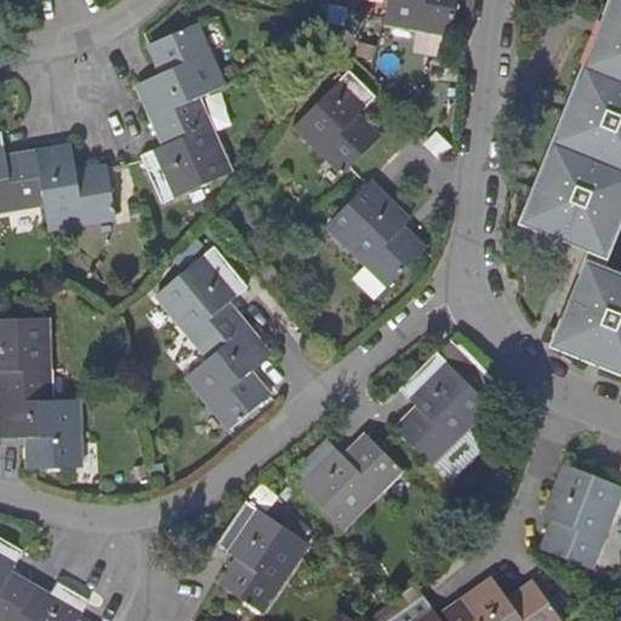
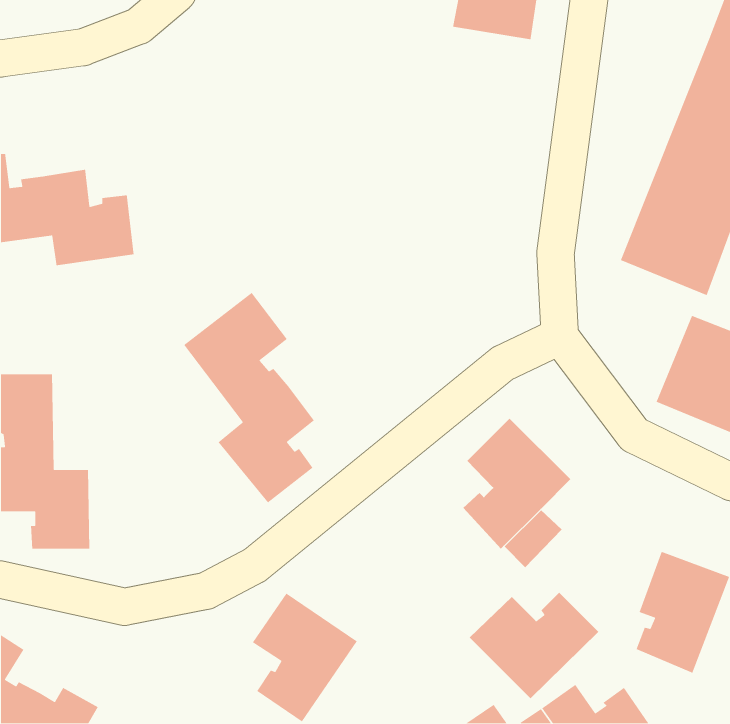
building: [139,23,229,201] -> none
building: [295,72,377,173] -> none
building: [326,183,422,286] -> none
building: [287,437,398,528] -> [469,592,599,699]

